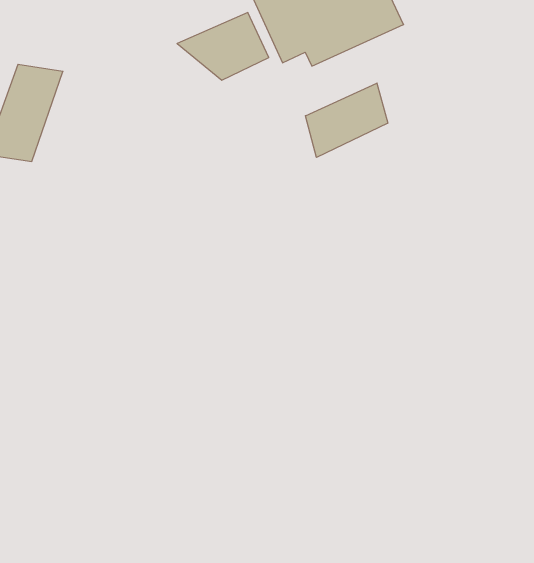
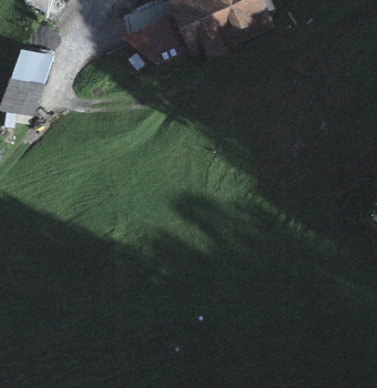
building: [305,83,388,157] -> none

